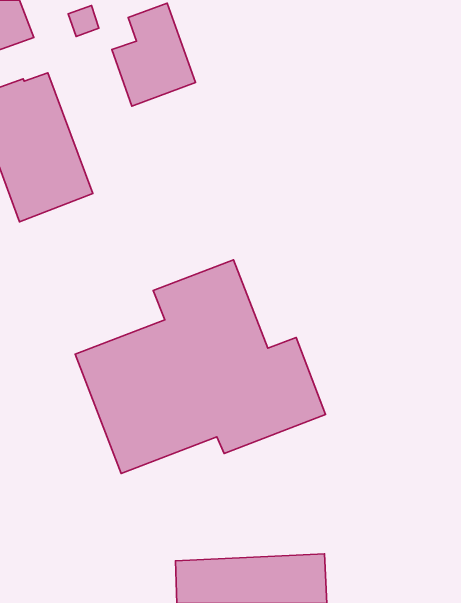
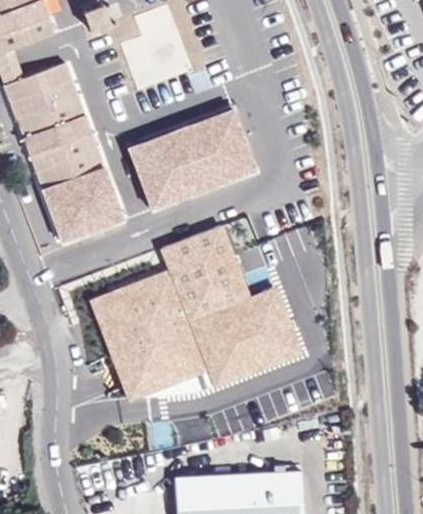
building: none -> [128,103,259,209]
building: none -> [40,165,125,243]

